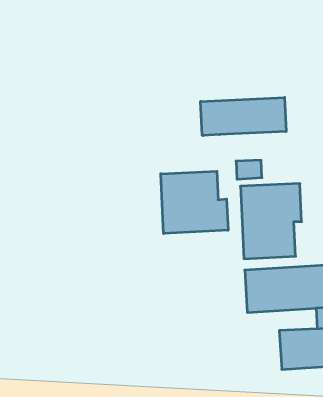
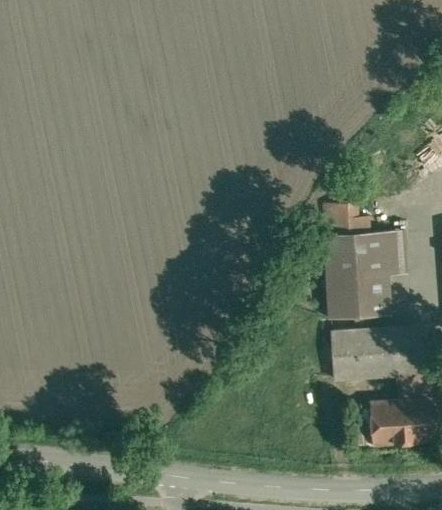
building: [201,97,286,136] -> none
building: [161,171,228,234] -> none

